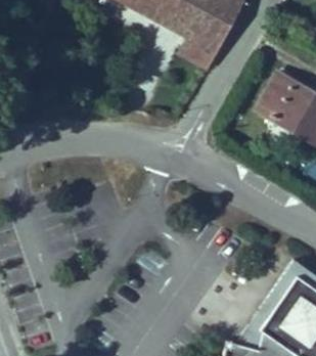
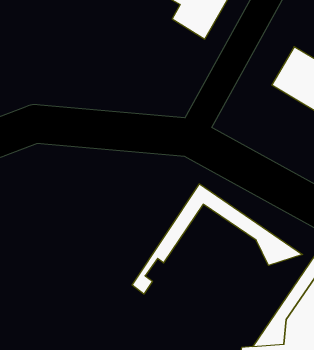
building: none -> [132,184,303,294]

